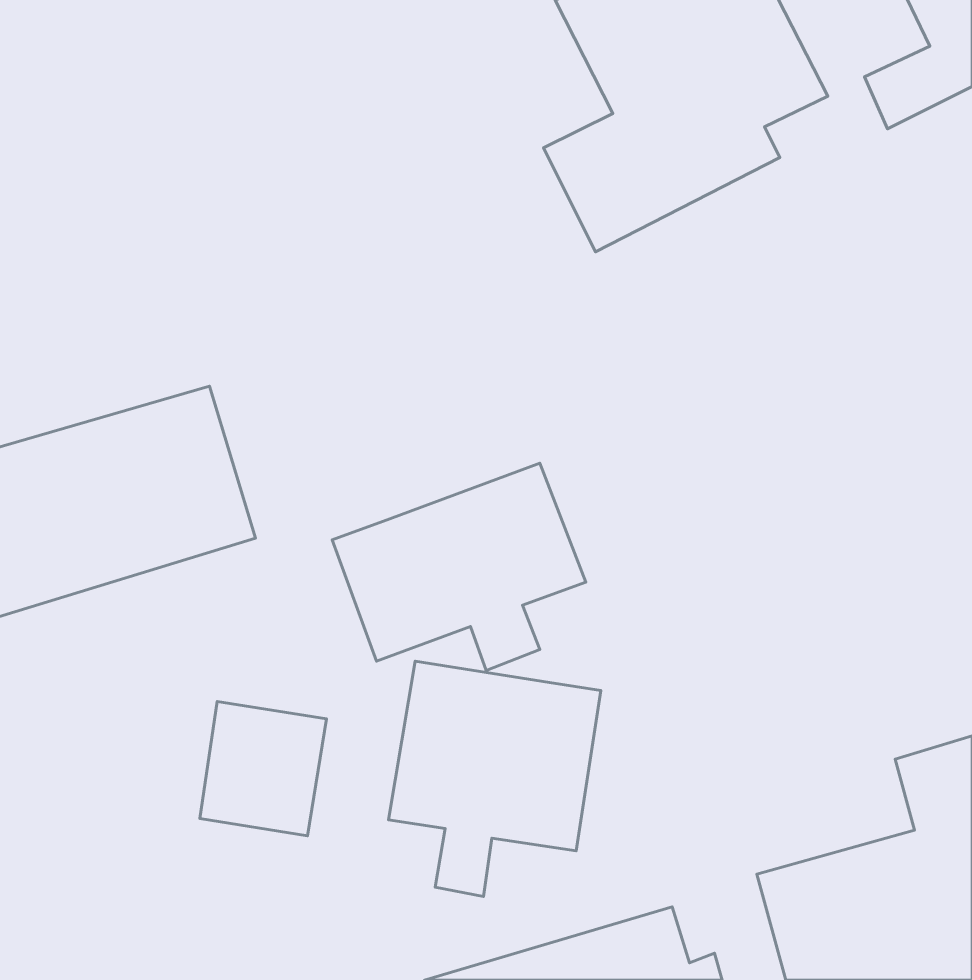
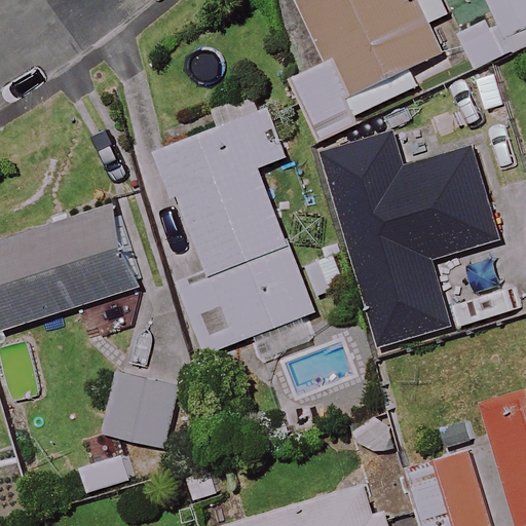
building: none -> [160,109,289,277]
building: none -> [324,129,494,341]
building: [389,661,601,896] -> none

